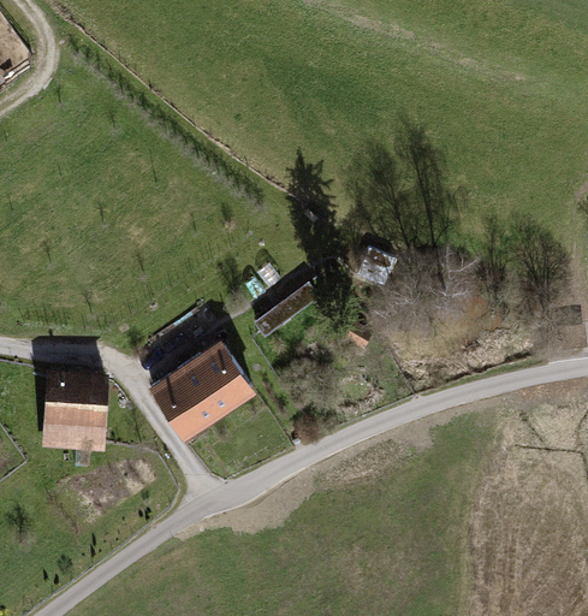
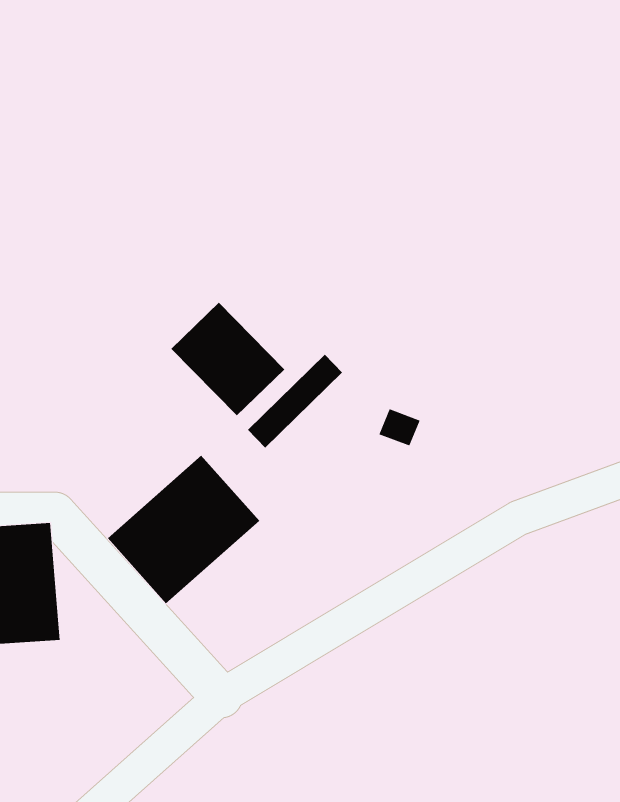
building: none -> [171,302,285,416]

